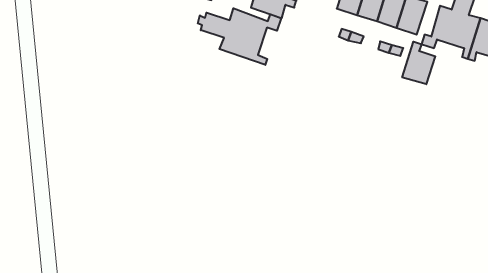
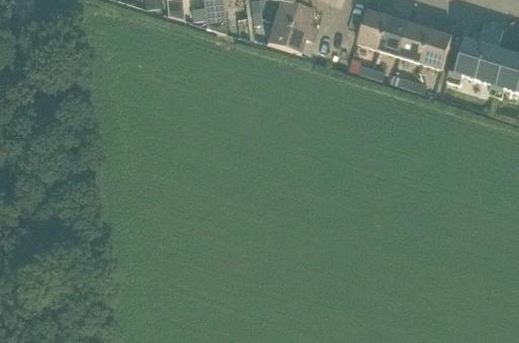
building: [198,8,281,65] -> none
building: [402,42,435,84] -> none

